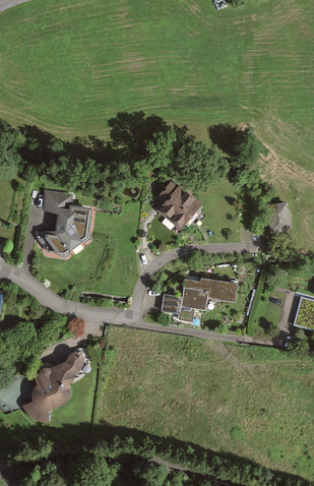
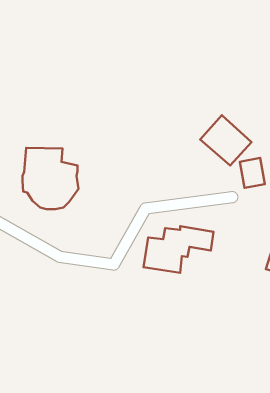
building: [146,173,202,228] -> [200,115,252,165]
building: [23,352,82,420] -> none

